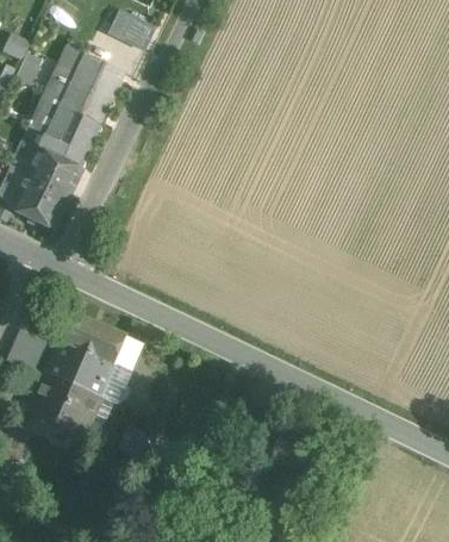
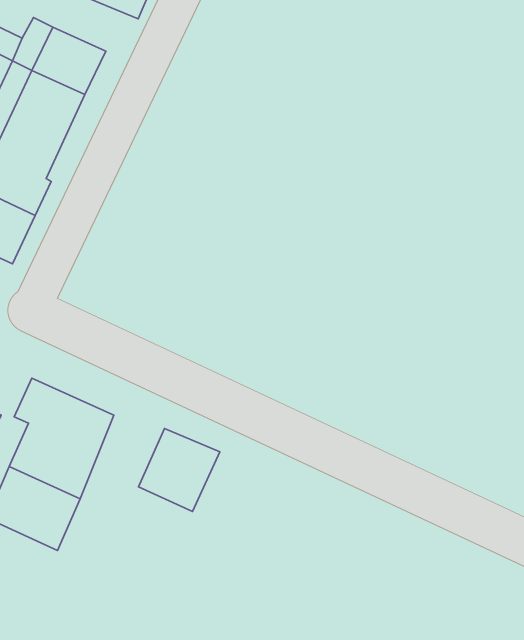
building: none -> [138,428,220,511]

